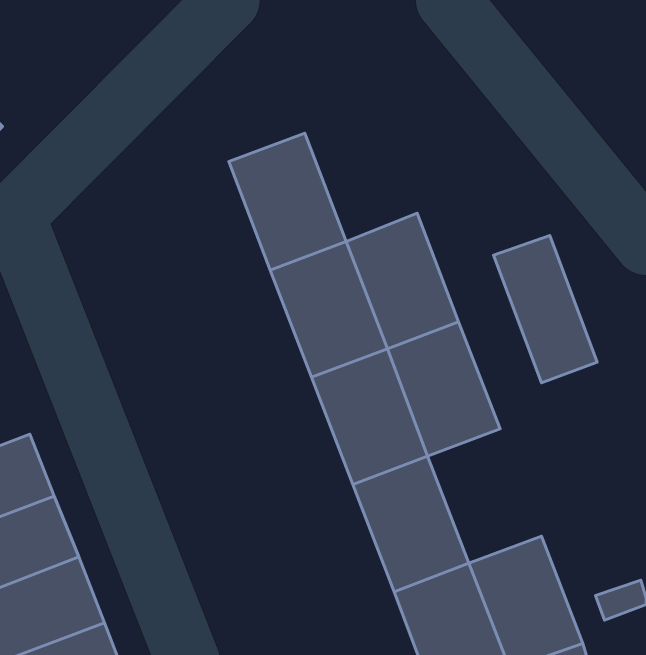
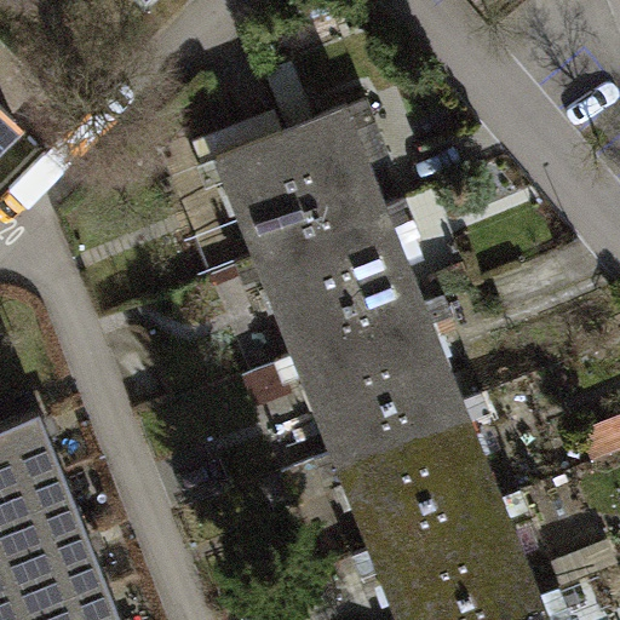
building: none -> [286,104,391,231]
building: [494,236,597,383] -> none
building: none -> [401,407,507,533]

